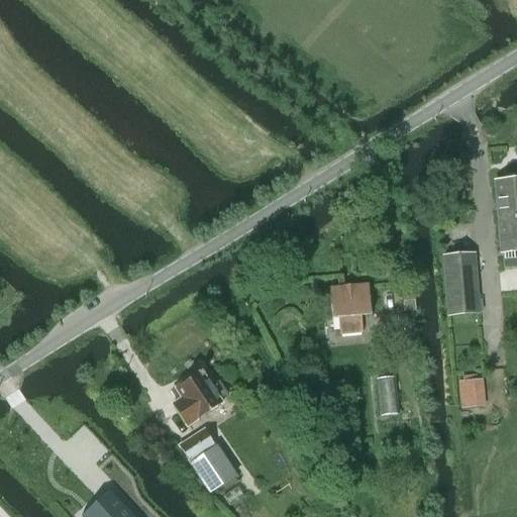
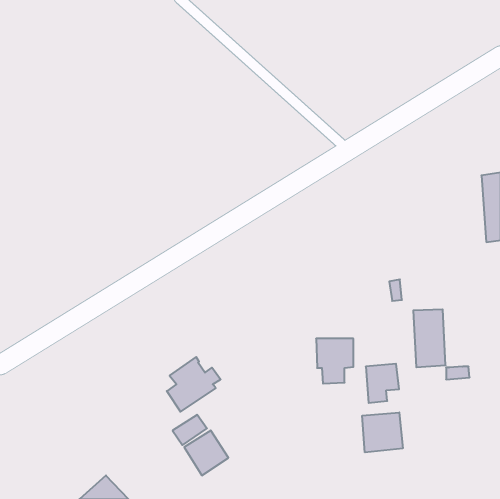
building: [445,252,479,312] -> [413,309,446,367]
building: [330,288,369,334] -> [316,339,353,384]
building: none -> [362,412,403,452]

